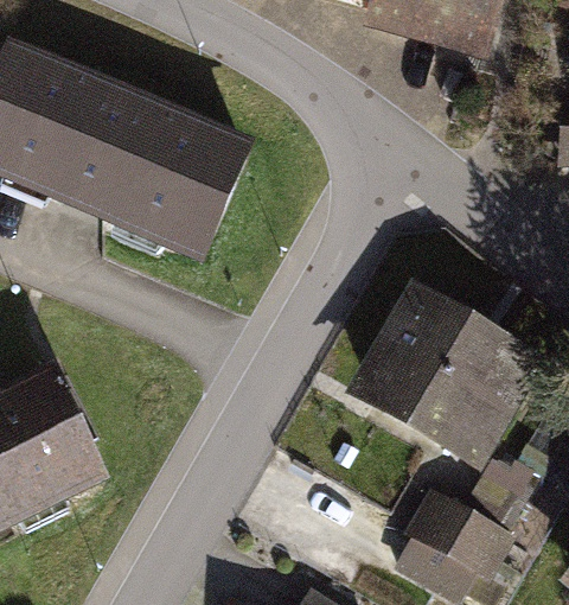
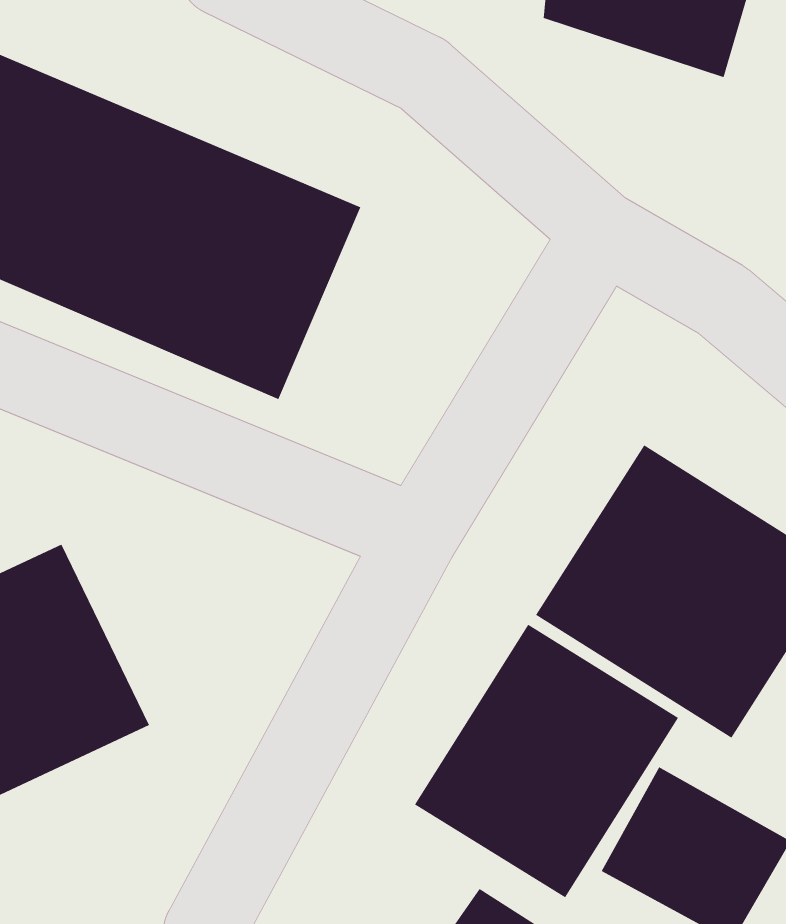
building: none -> [414,624,679,898]

